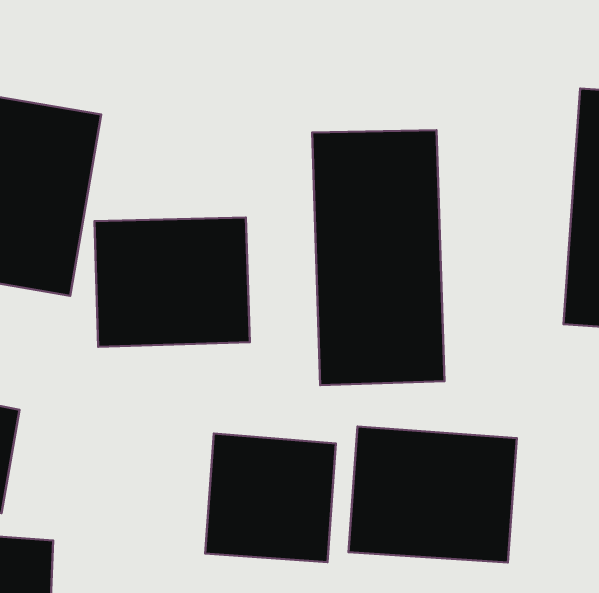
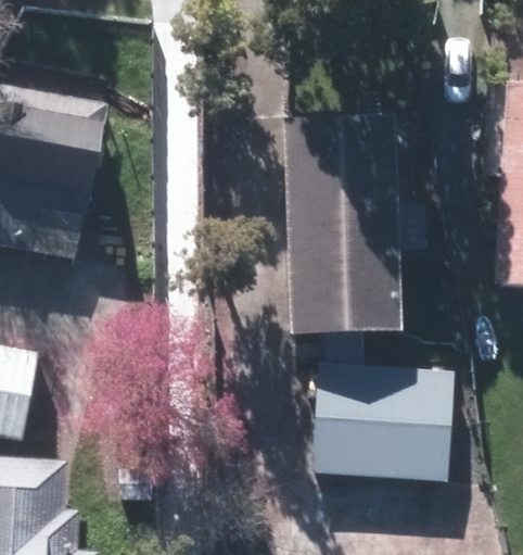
building: [94,218,250,347] -> none
building: [205,433,336,562] -> none

